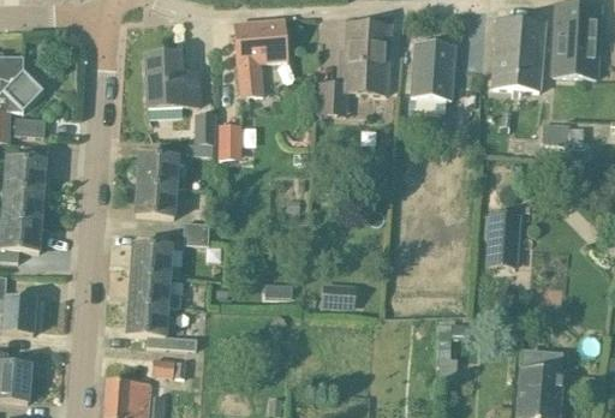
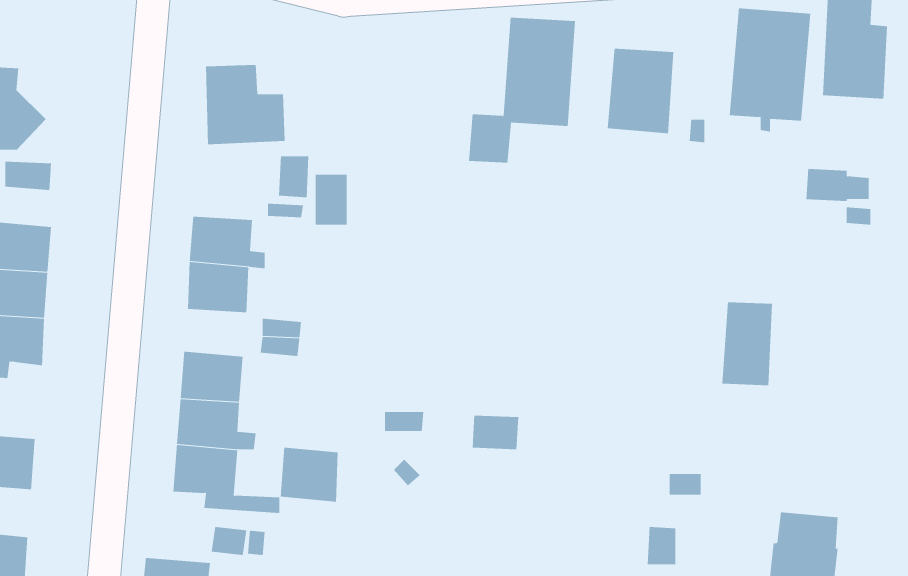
building: [234,18,287,95] -> none
building: none -> [280,447,338,502]

